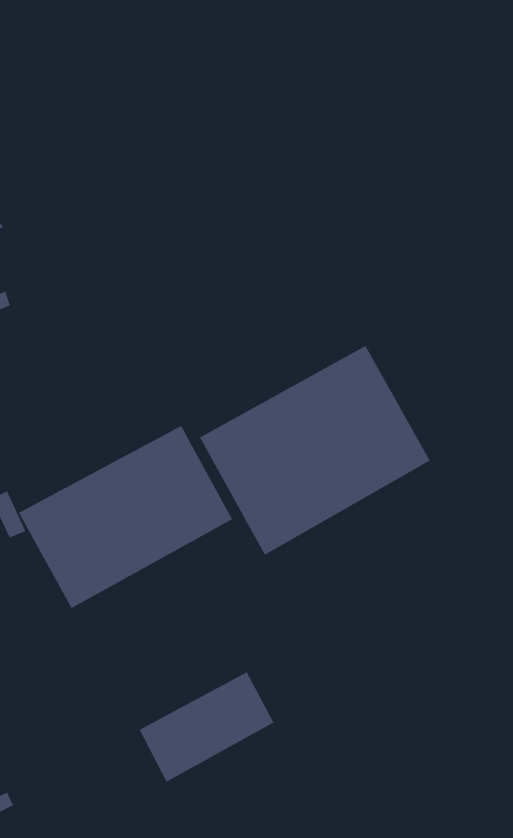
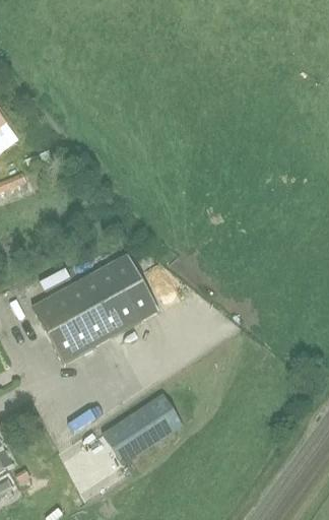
building: [199,345,431,556] -> none

